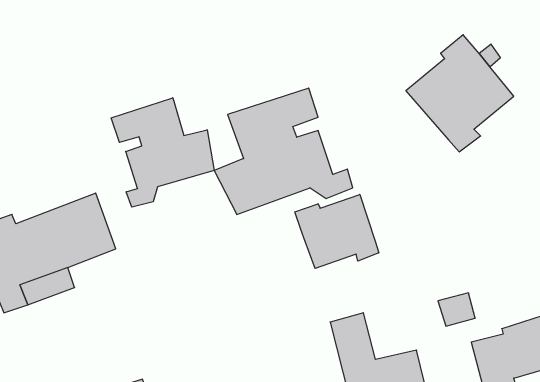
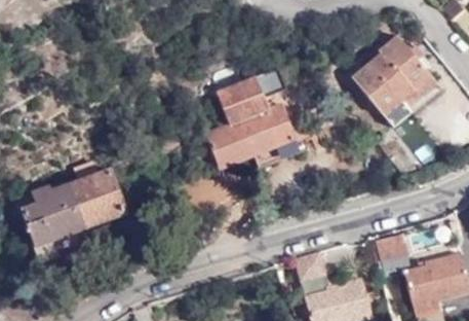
building: [111,98,214,207] -> none
building: [295,194,379,268] -> none

